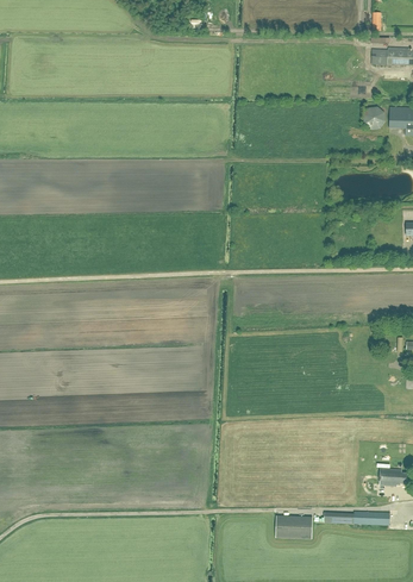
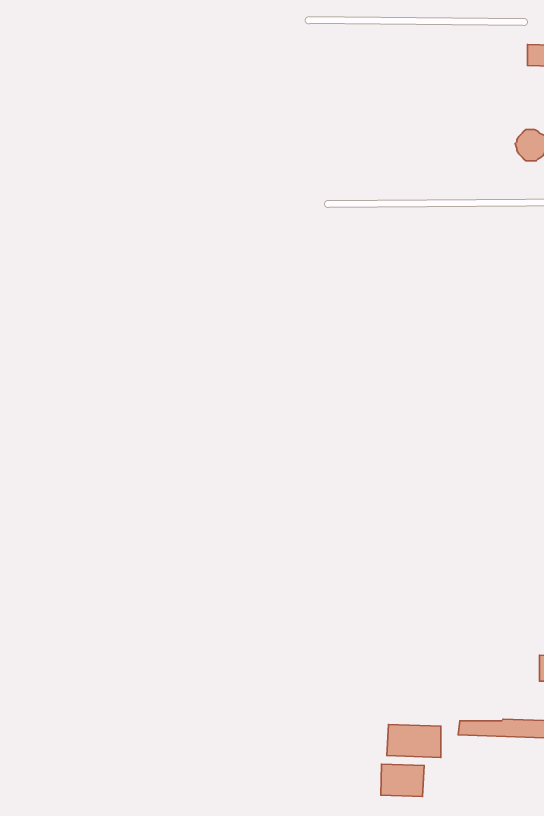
building: none -> [381,764,424,797]

